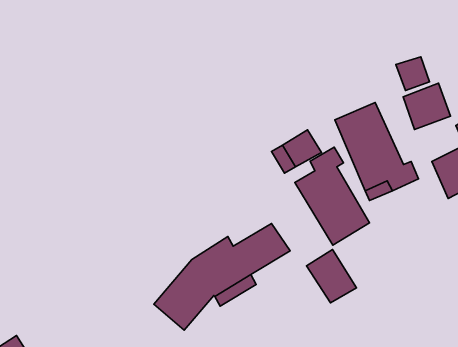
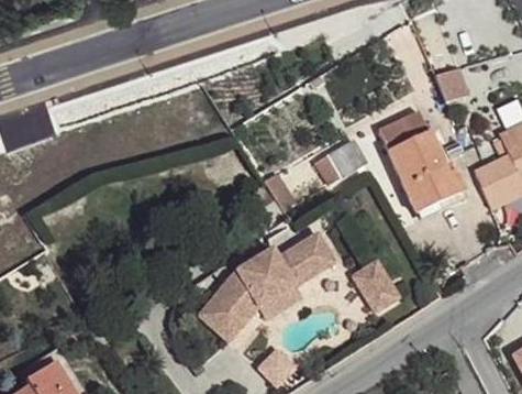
building: [403,83,451,129] -> none
building: [295,147,369,245] -> none

